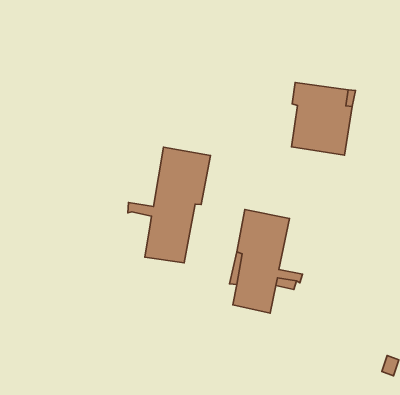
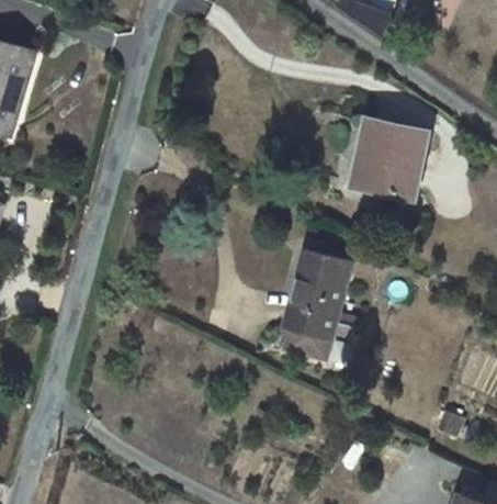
building: [128,147,210,263] -> none

